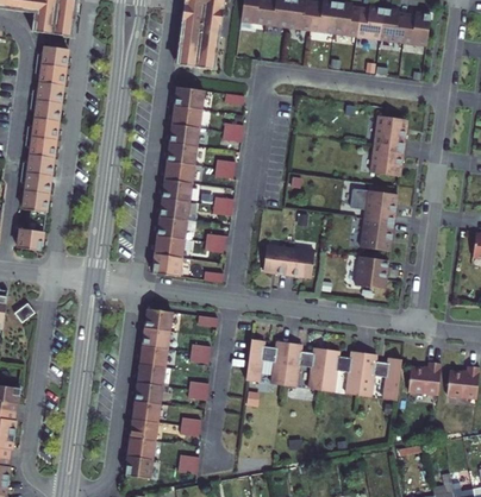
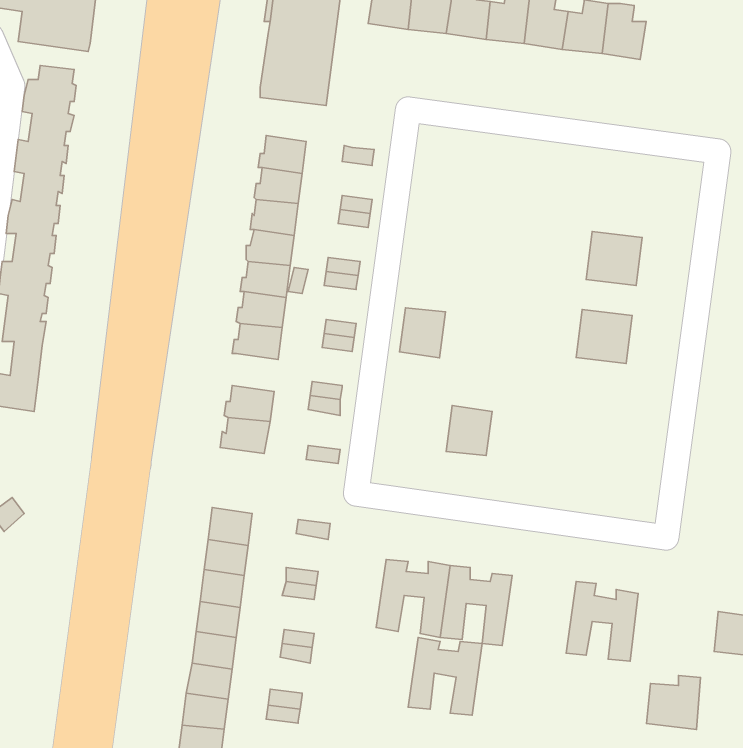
building: [402,12,431,45] -> none
building: [374,115,407,147] -> none
building: [157,216,187,239] -> none
building: [360,219,394,251] -> none
building: [263,245,291,275] -> [400,308,446,358]
building: [355,256,388,289] -> none
building: [320,348,364,395] -> [408,637,482,715]
building: [408,361,441,394] -> [646,675,700,729]

